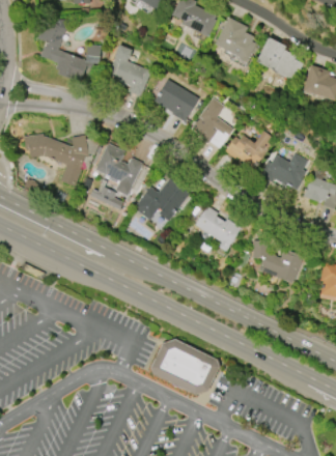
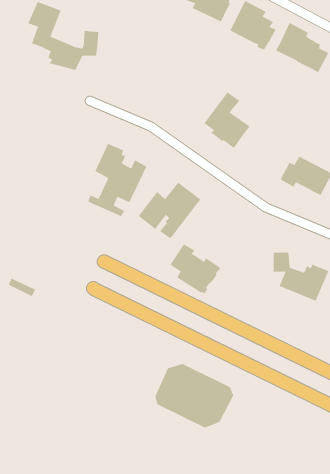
building: [106,45,151,96] -> none
building: [153,79,199,121] -> none
building: [225,131,274,168] -> none
building: [29,133,100,186] -> none
building: [194,205,240,251] -> [169,243,221,295]

